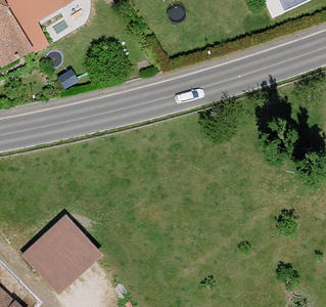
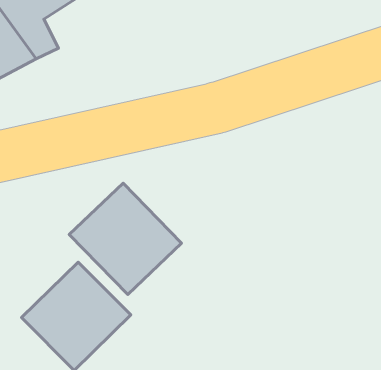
building: none -> [69,183,182,295]

